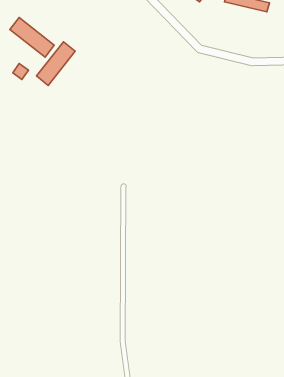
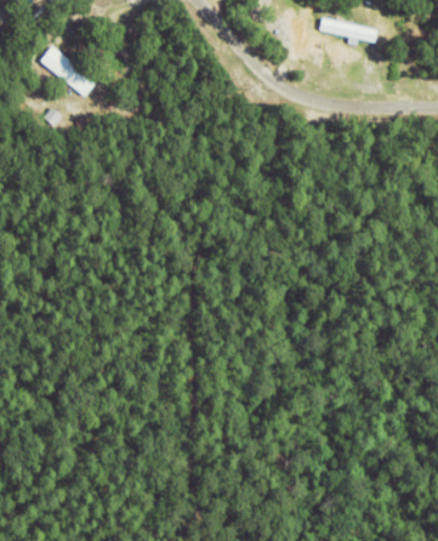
building: [36,42,75,85] -> none

